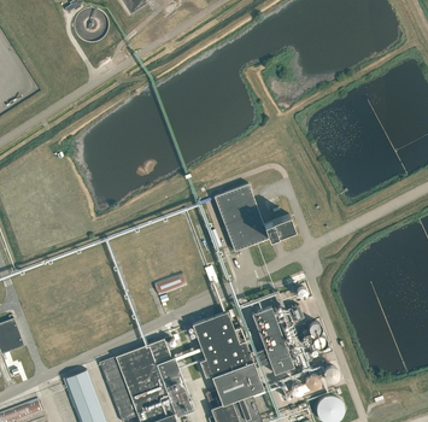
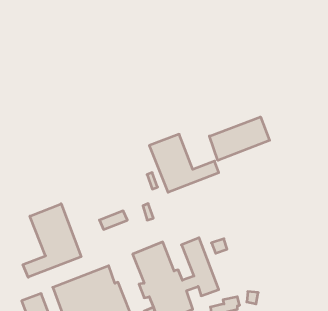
building: none -> [209,117,270,160]
building: none -> [23,204,81,277]

